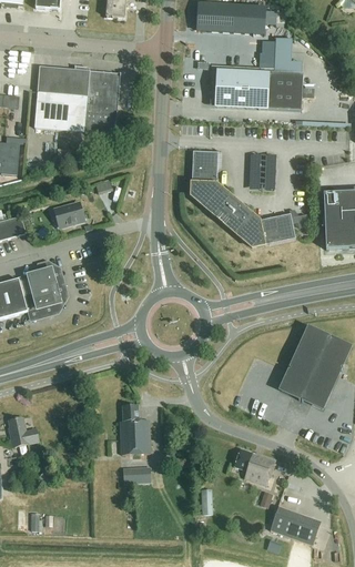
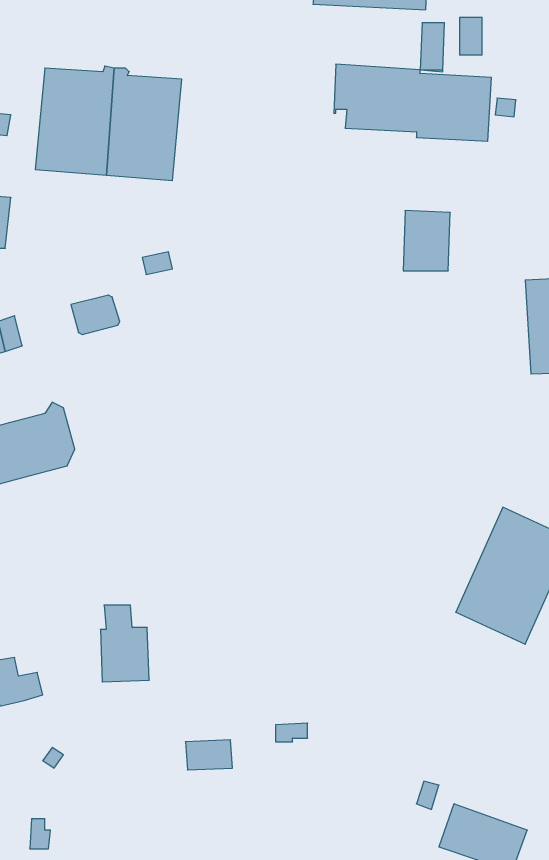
building: [191,151,307,246] -> none
building: [121,405,150,450] -> [100,605,149,682]
building: [235,446,276,485] -> none

